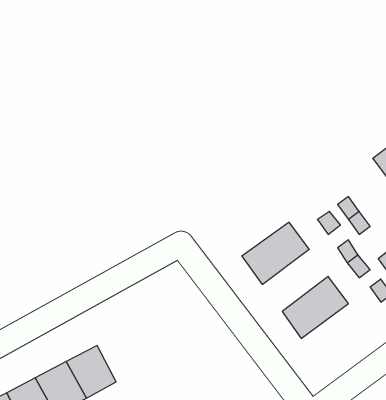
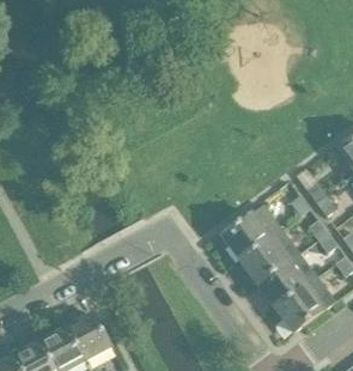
building: none -> [241,229,299,284]
building: none -> [275,276,335,332]

